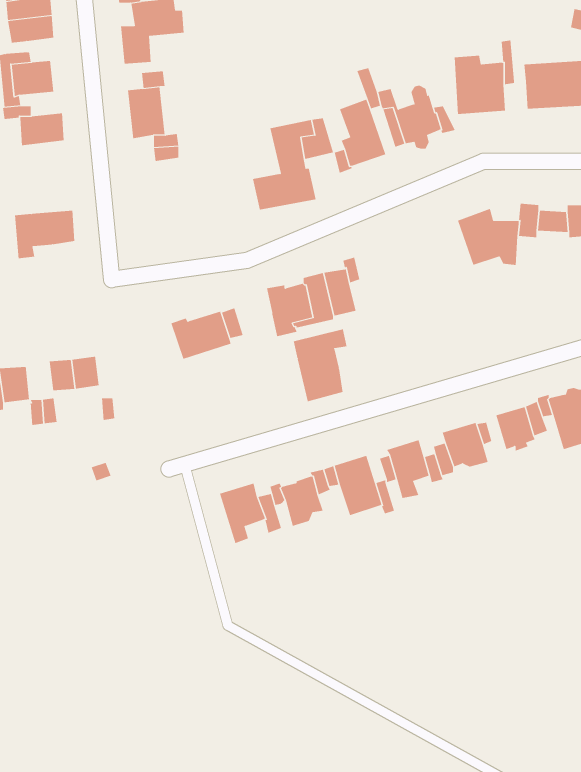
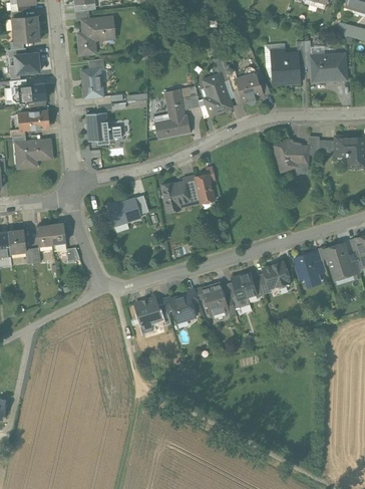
building: none -> [19,111,48,131]
building: none -> [85,112,121,141]
building: [293,329,347,402] -> none

